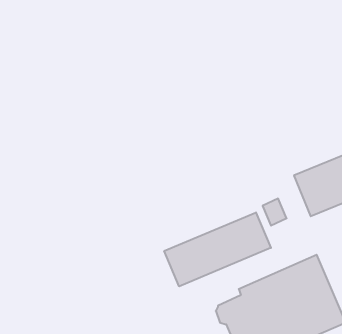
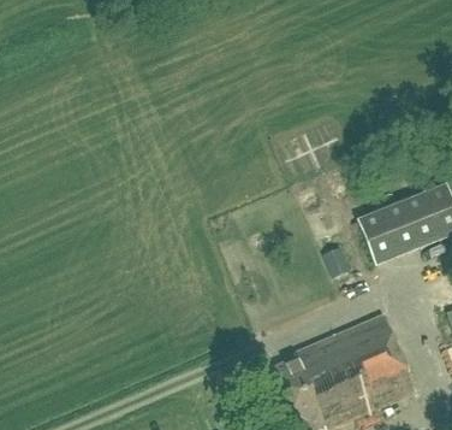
building: [164,212,271,286] -> none

